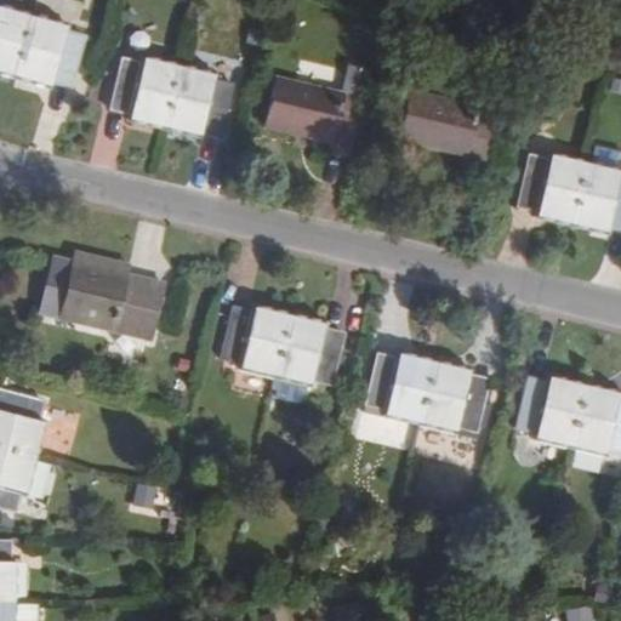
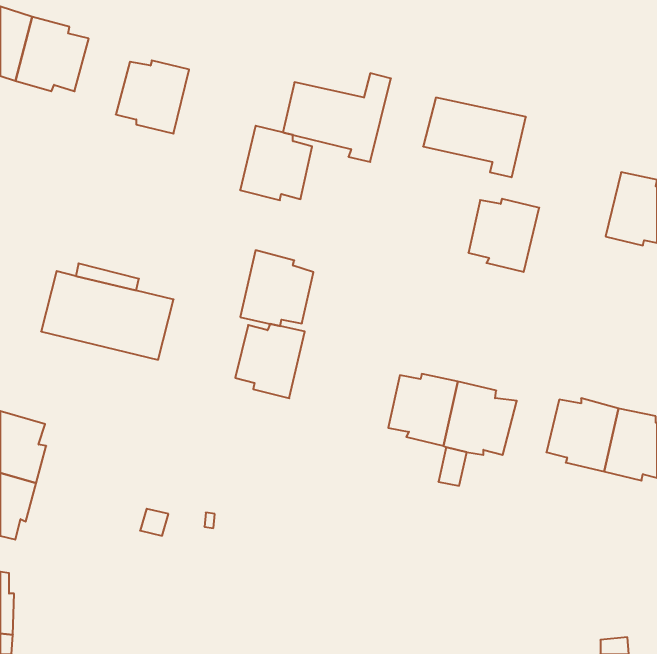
building: [164,65,232,136] -> [240,126,312,200]
building: [519,154,586,223] -> [468,199,539,272]
building: [273,313,342,384] -> [240,250,313,326]

